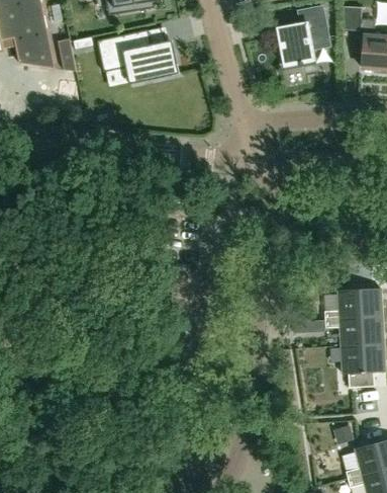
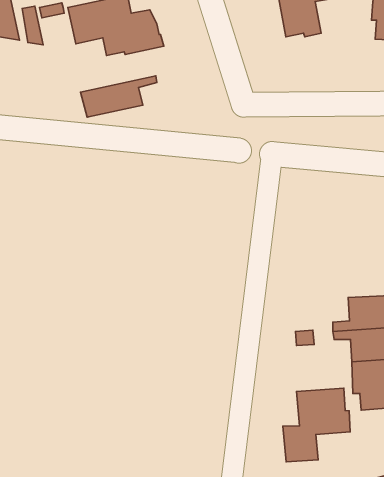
building: none -> [80,76,157,117]
building: none -> [283,388,350,462]

